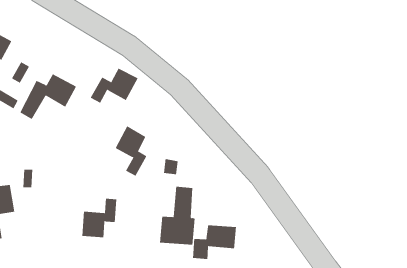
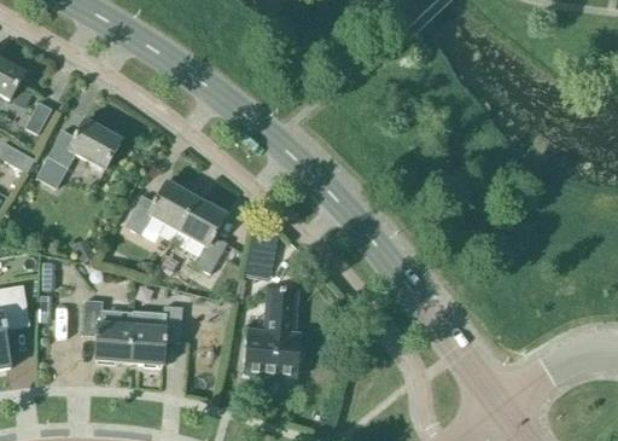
building: [90,68,138,103] -> [124,181,197,234]
building: none -> [82,300,134,362]
building: [192,224,237,260] -> none

